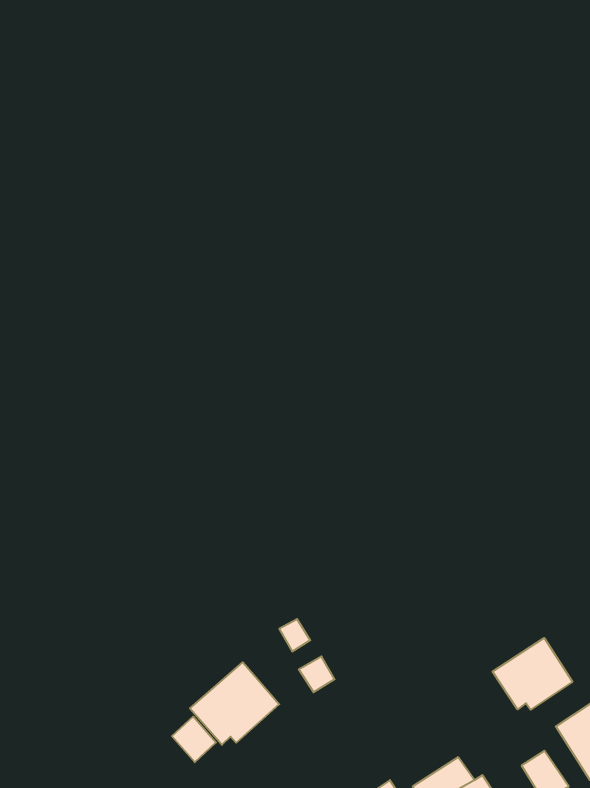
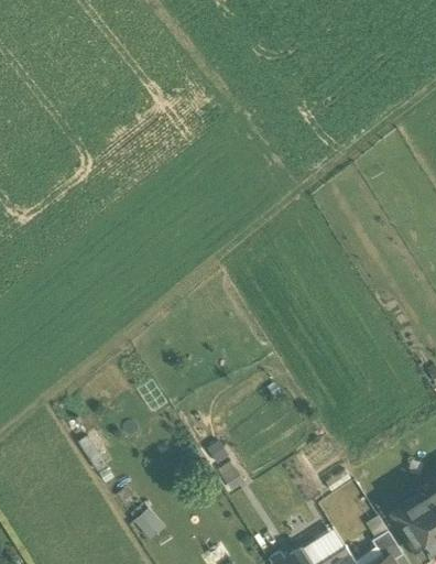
building: [493,638,572,710] -> none
building: [190,662,279,745] -> none

